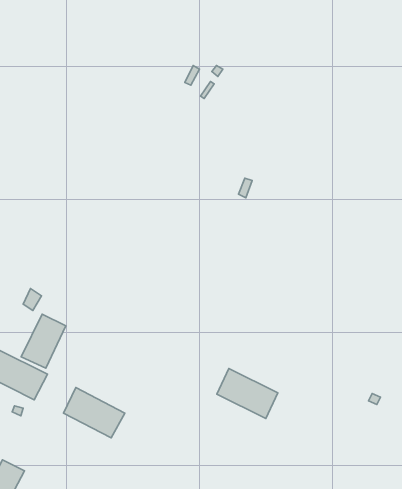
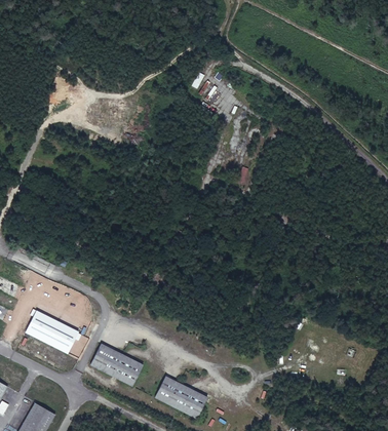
building: [21,314,66,368] -> none
building: [217,368,278,419] -> [154,374,205,416]

